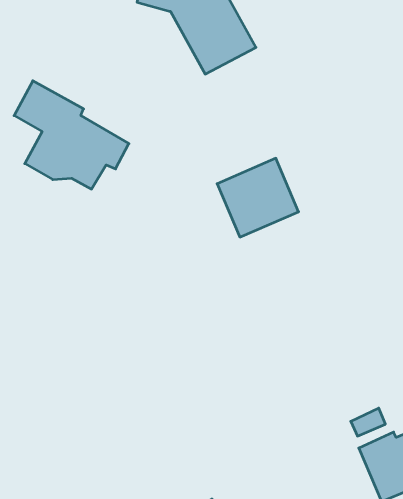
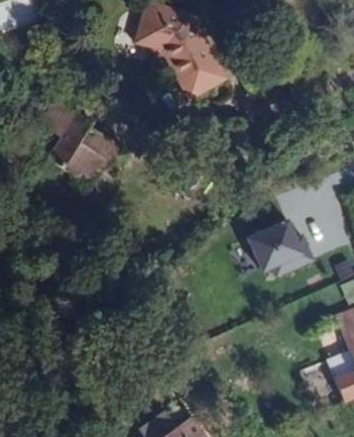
building: [217,158,299,237] -> [250,223,312,283]

